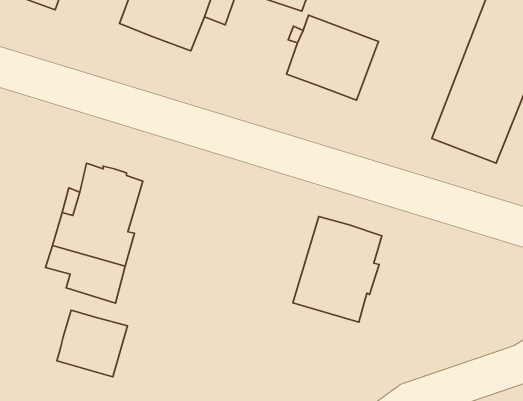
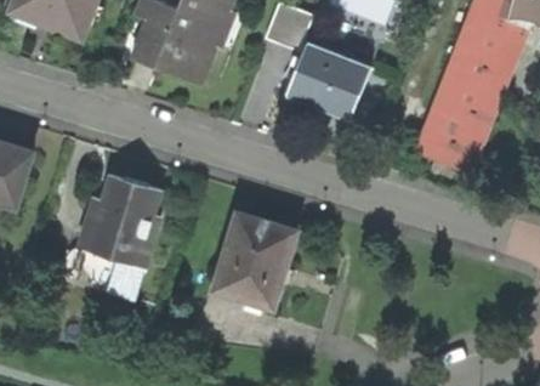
building: [293,217,382,322] -> [216,212,295,306]
building: [57,310,127,377] -> none

